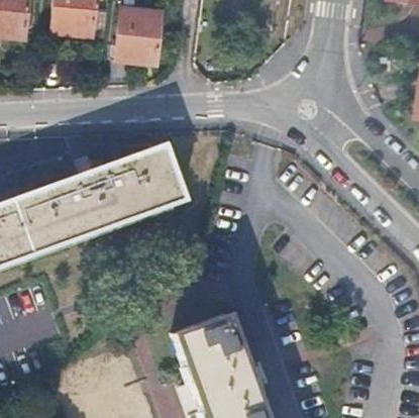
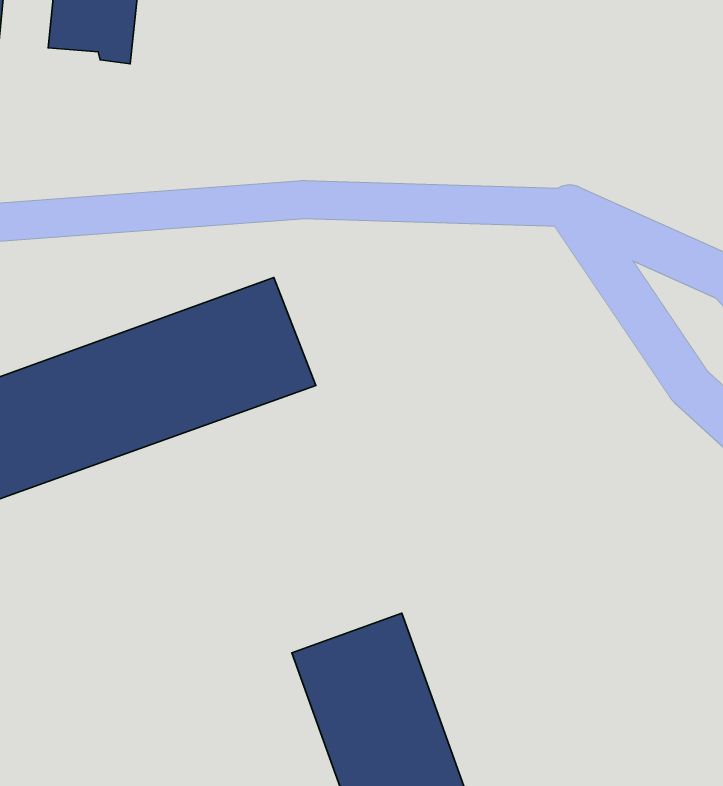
building: [119,8,163,63] -> none

